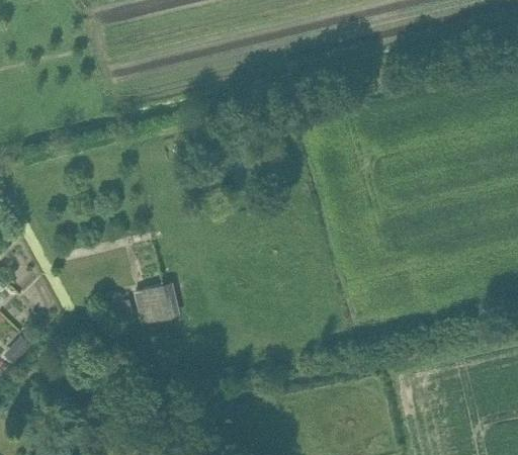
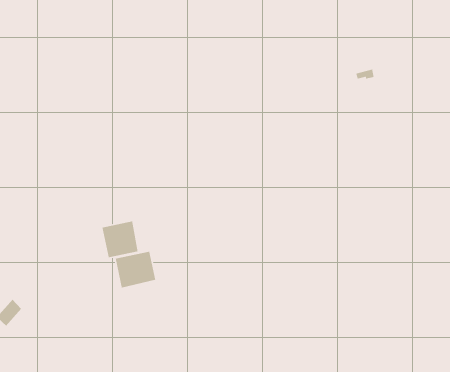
building: none -> [102,220,138,258]

